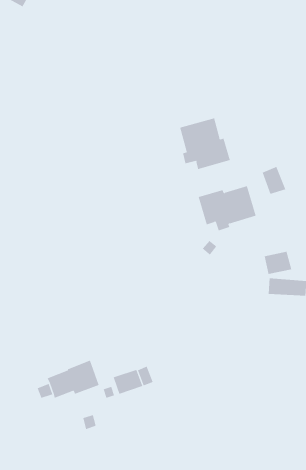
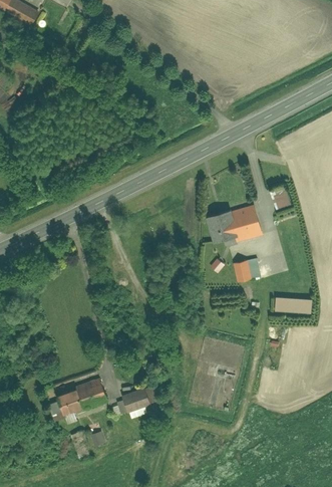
building: [179,117,230,170] -> none
building: [264,251,292,274] -> [233,258,261,281]

